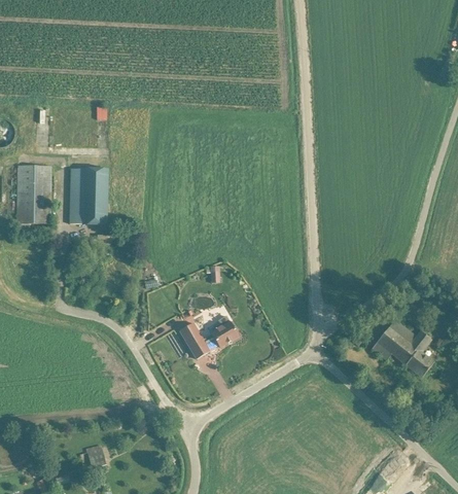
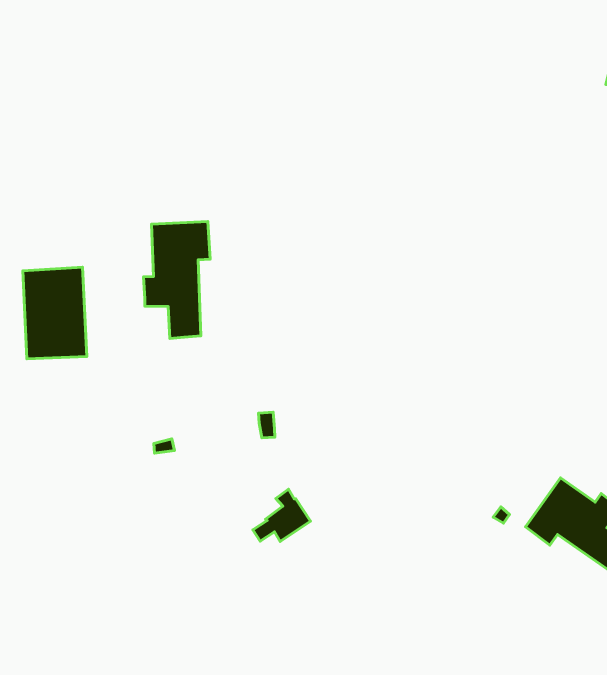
building: none -> [143,221,210,338]
building: [180,322,210,358] -> none

